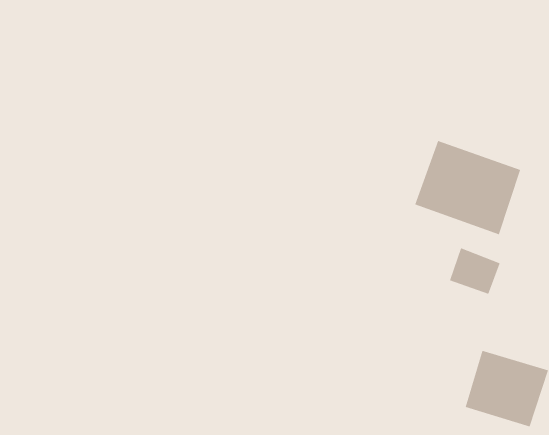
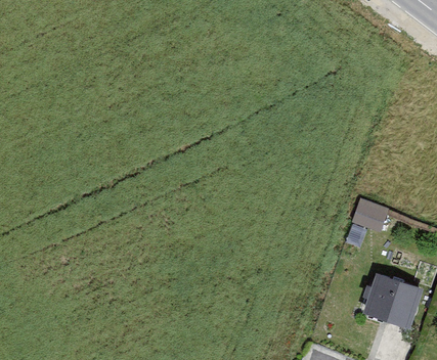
building: [415,140,521,235] -> none

